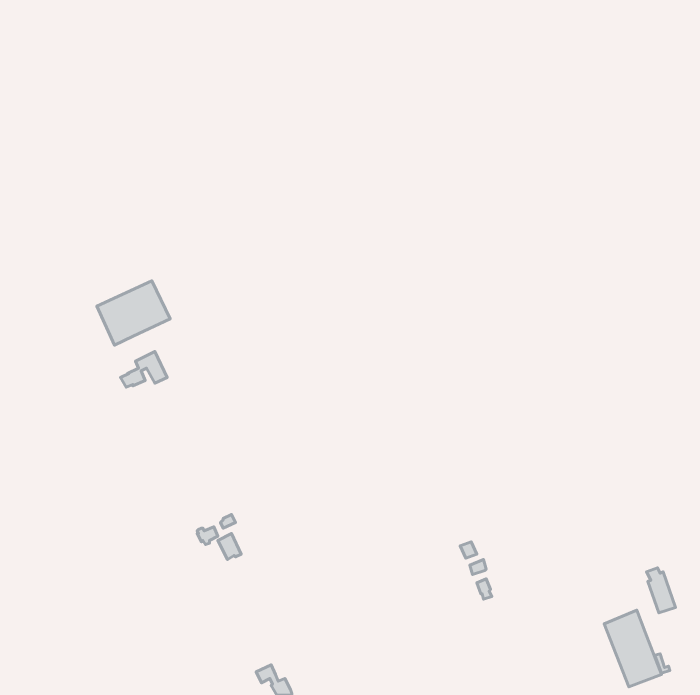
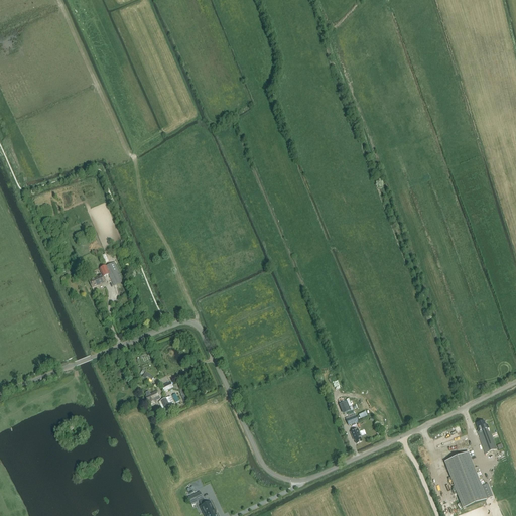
building: [97,281,170,345] -> none

